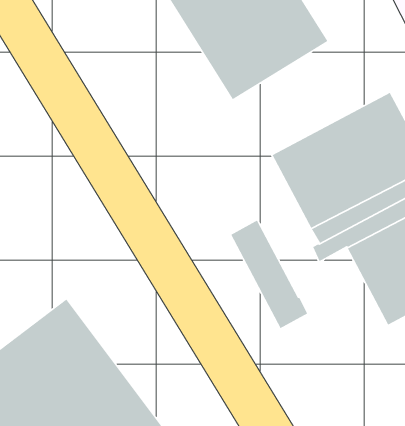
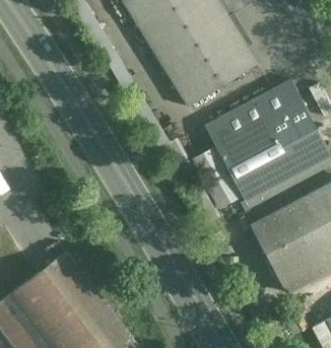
building: none -> [205,80,303,147]
building: [230,219,308,329] -> [251,214,308,294]

